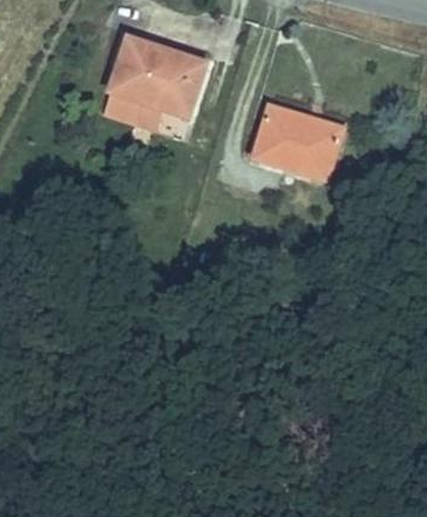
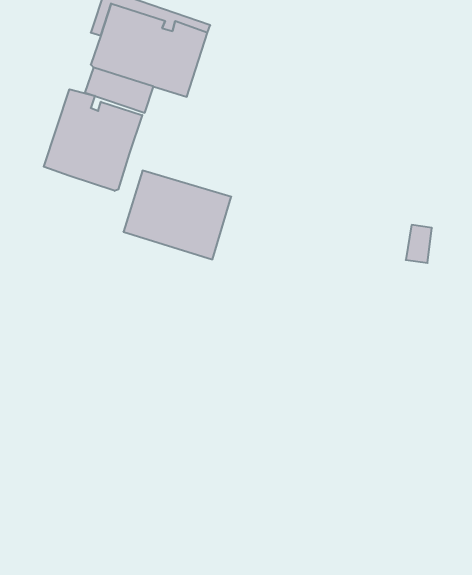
building: [254,107,342,180] -> [123,171,231,259]
building: none -> [44,89,142,191]

